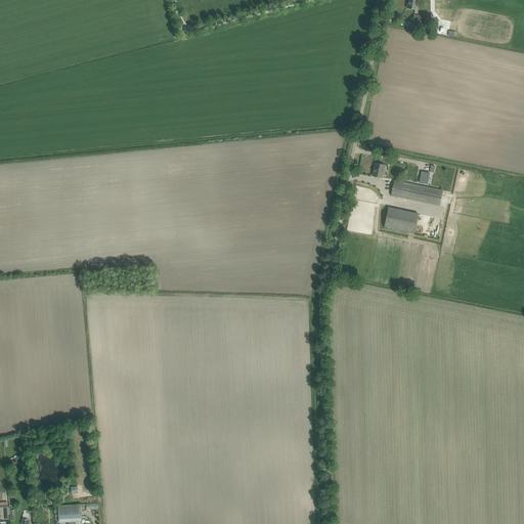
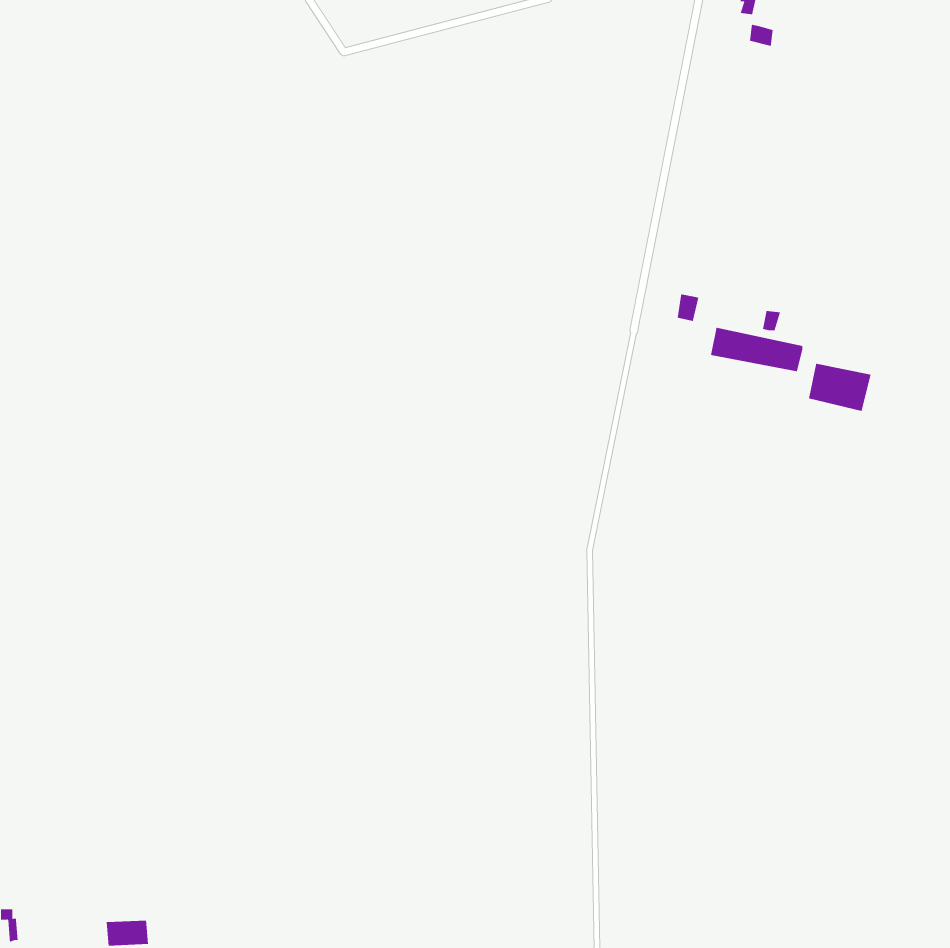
building: [384,207,419,233] -> [808,363,871,412]

